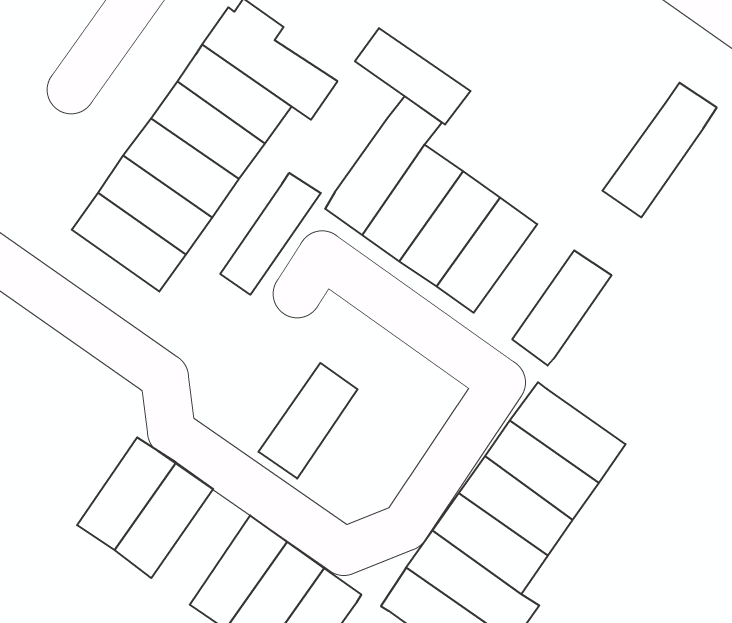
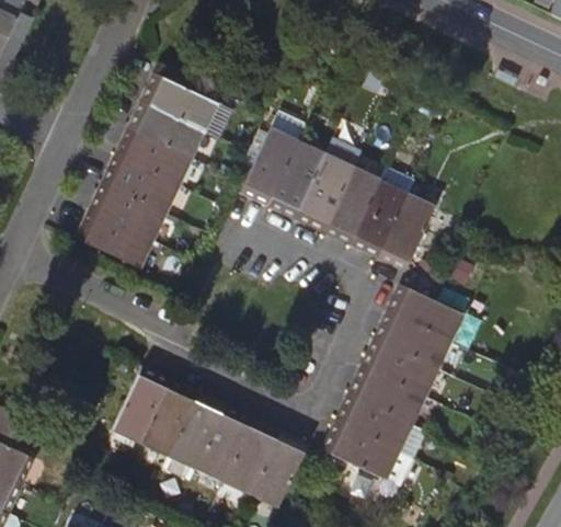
building: [355,28,471,125] -> none
building: [602,83,717,217] -> [350,165,415,259]
building: [220,173,321,295] -> none
building: [258,363,358,479] -> [168,391,226,470]

